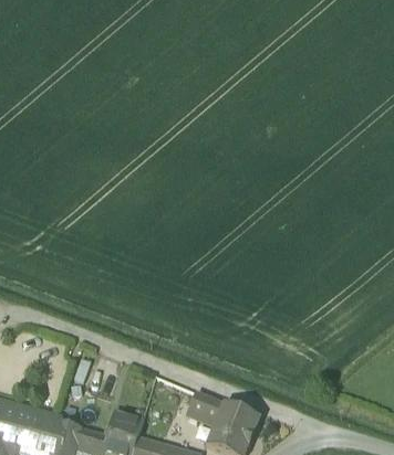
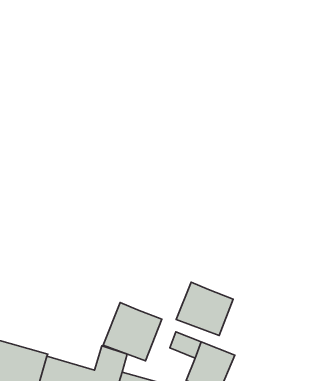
building: none -> [176,282,233,335]
building: none -> [103,302,162,361]

